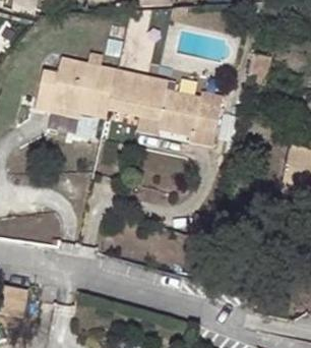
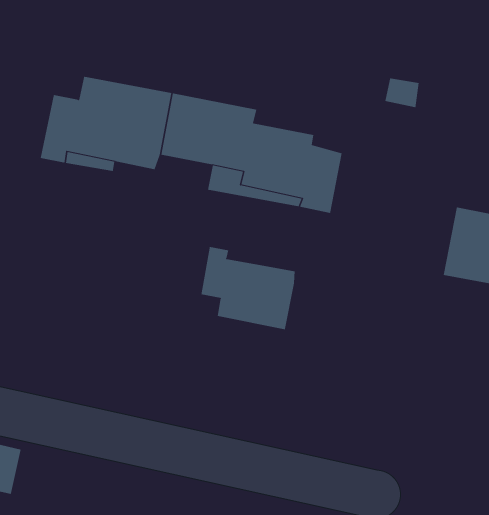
building: none -> [201,246,295,330]

